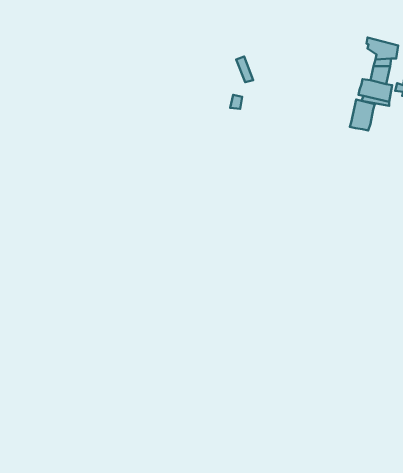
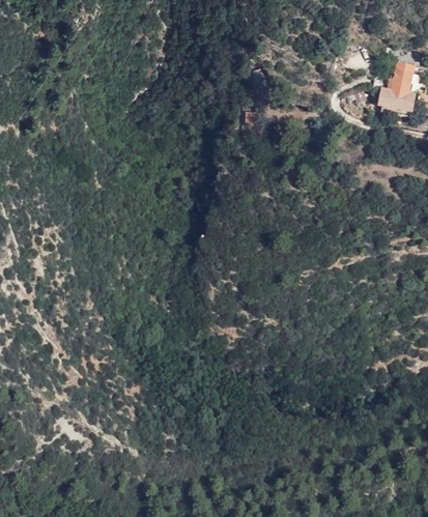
building: [350,99,375,131] -> none

